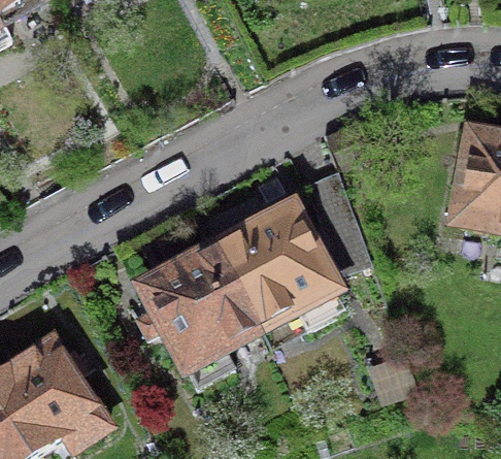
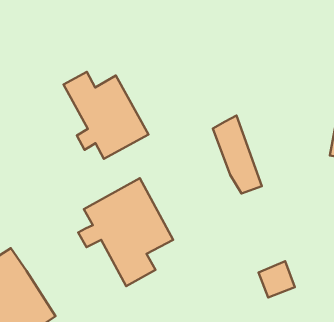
building: none -> [63,72,148,159]
building: [214,204,342,323] -> none

